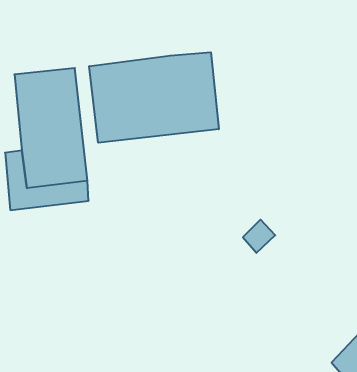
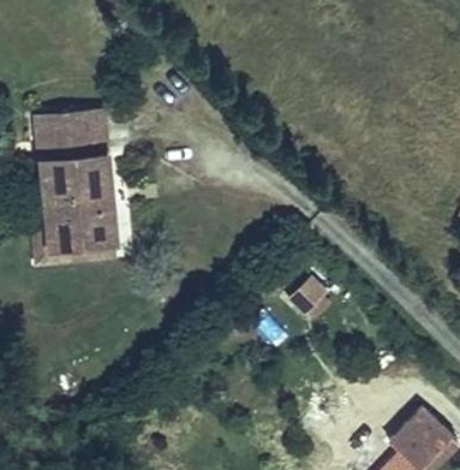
building: [89,52,219,143] -> none

